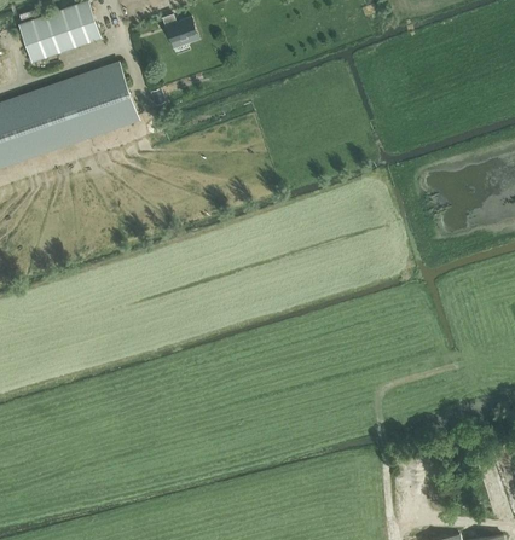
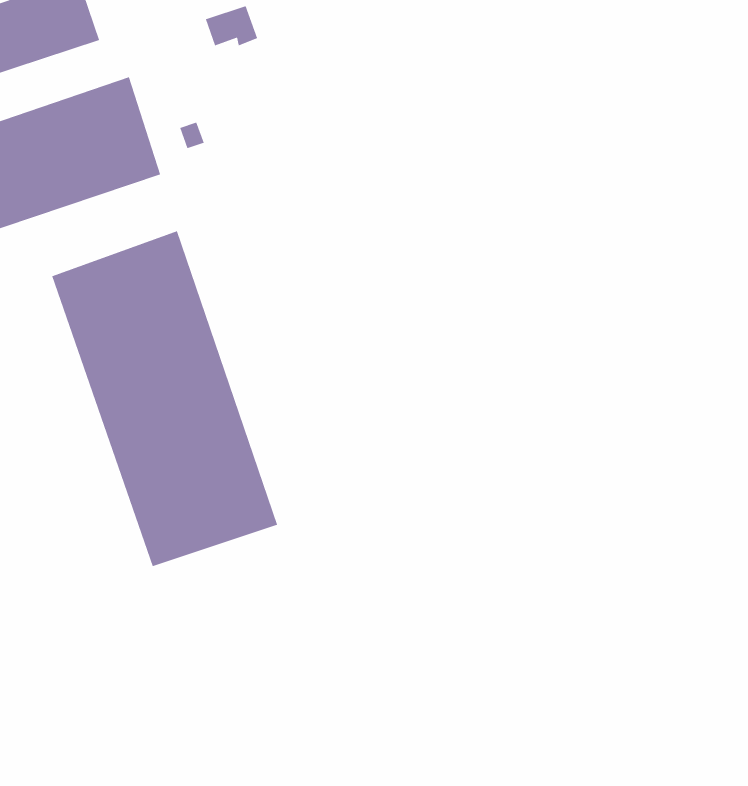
building: none -> [51,230,278,567]

